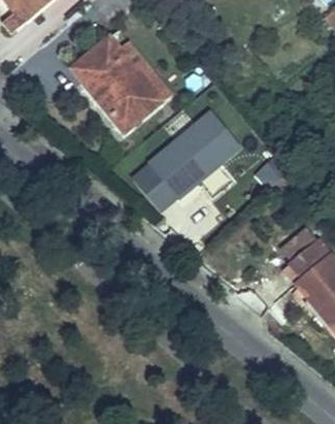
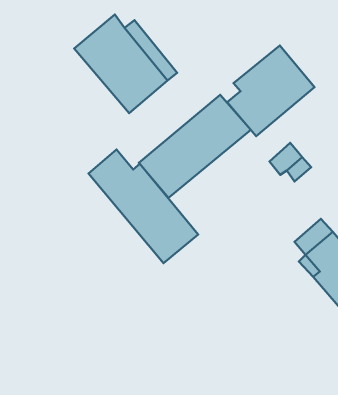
building: none -> [227,45,315,136]
building: none -> [88,150,198,263]

